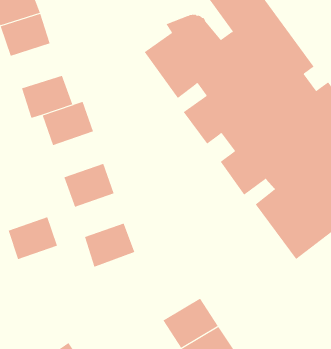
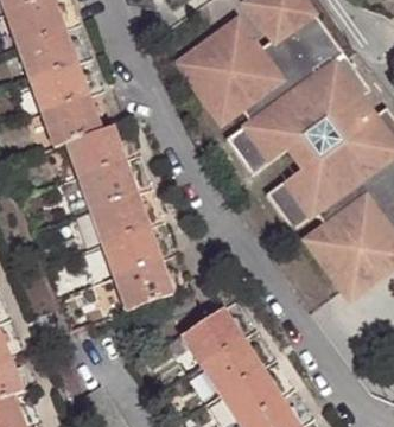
building: none -> [37,62,94,110]
building: none -> [83,158,139,208]
building: [8,216,58,260] -> [107,225,161,273]
building: none -> [184,308,244,364]

